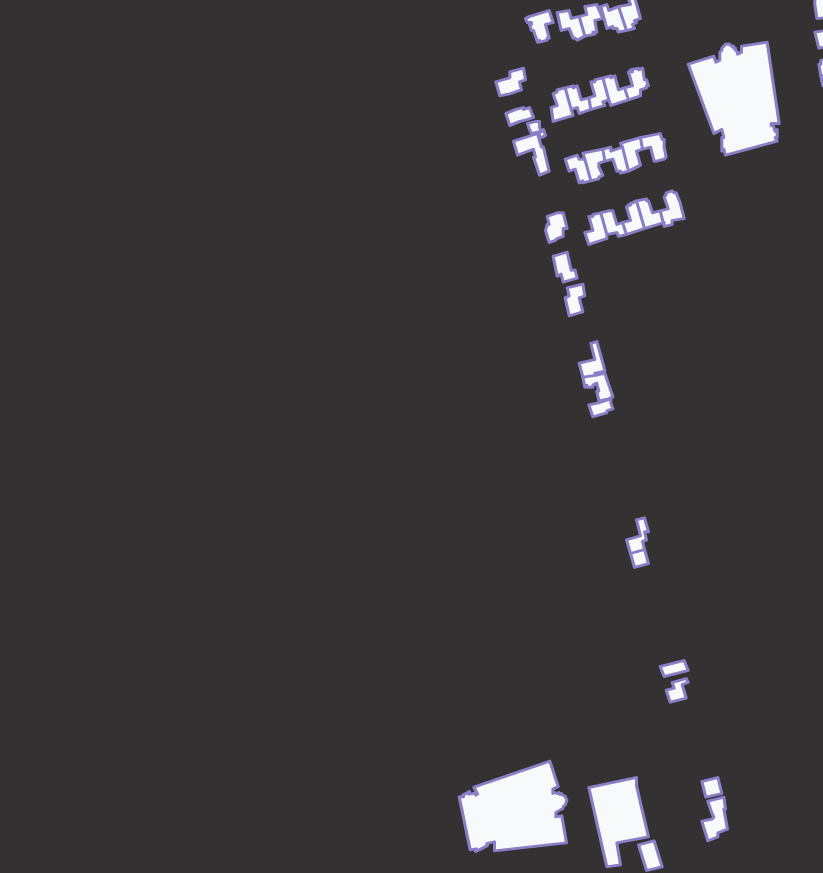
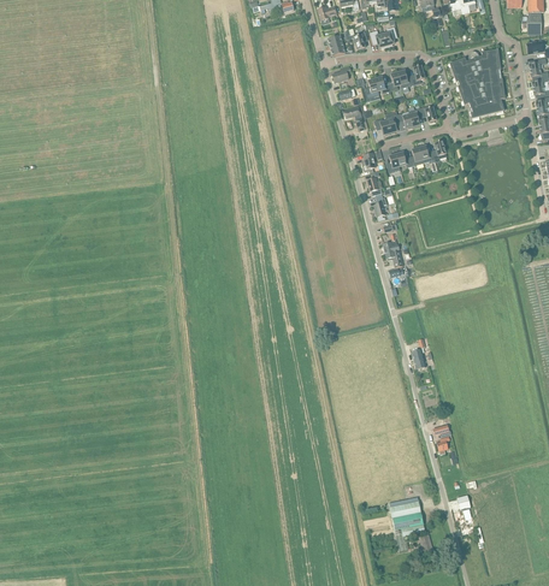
building: [459,761,567,852] -> none

